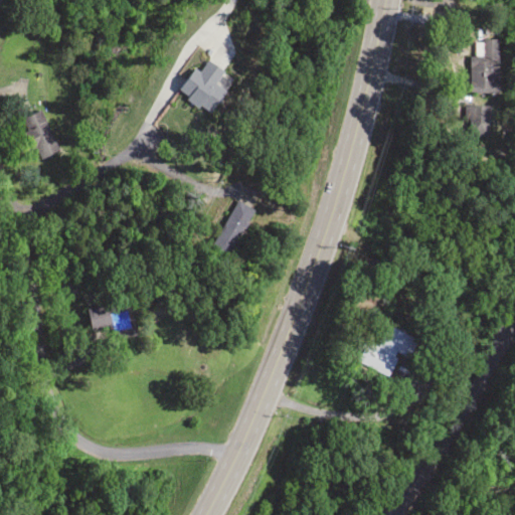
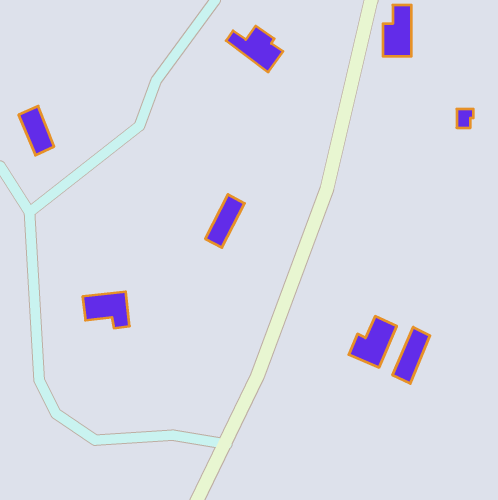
building: [471,40,500,93] -> [383,5,411,56]
building: [168,65,226,113] -> [226,26,283,72]
building: none -> [393,327,430,384]

